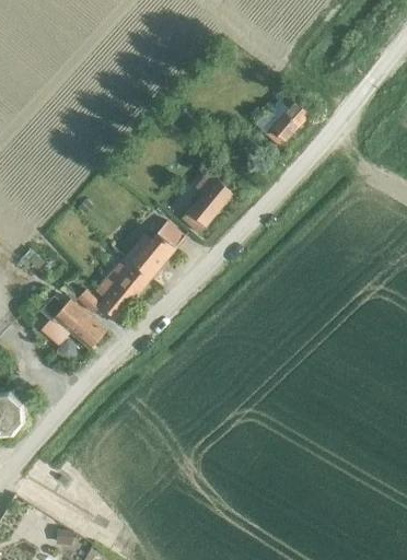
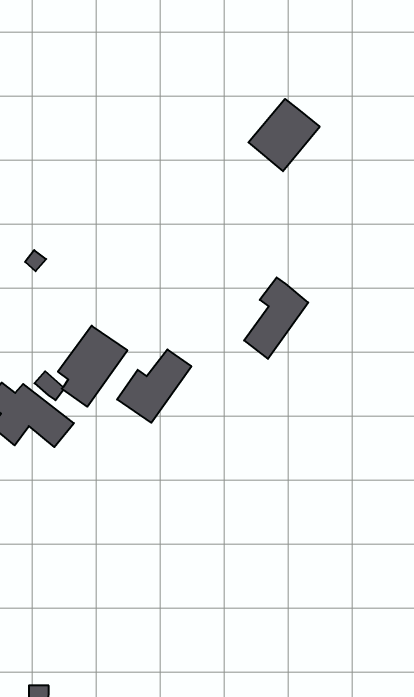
building: [182,171,233,233] -> [244,277,308,359]
building: [126,221,185,277] -> [117,349,191,423]

